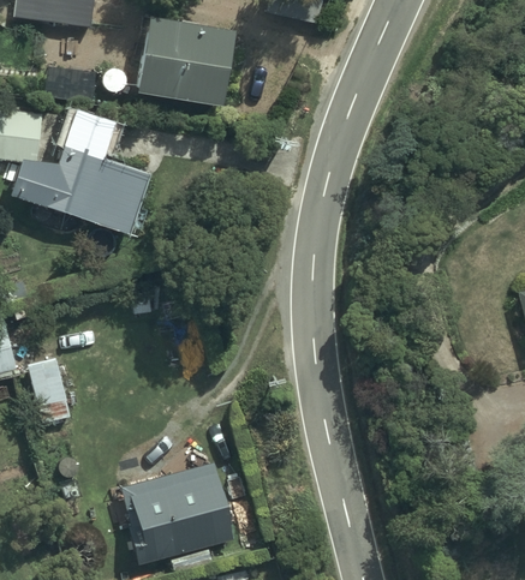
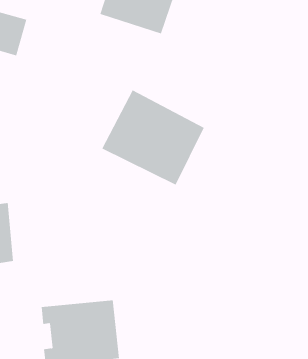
building: [43,109,150,234] -> none
building: none -> [102,90,205,186]

